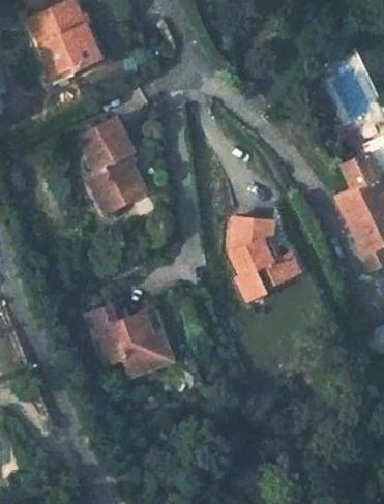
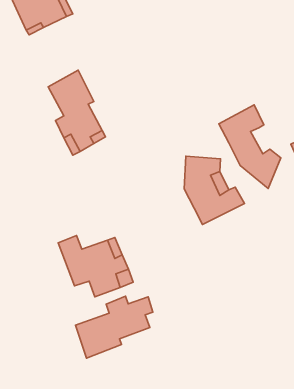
building: none -> [219,105,281,188]
building: none -> [75,296,153,358]

